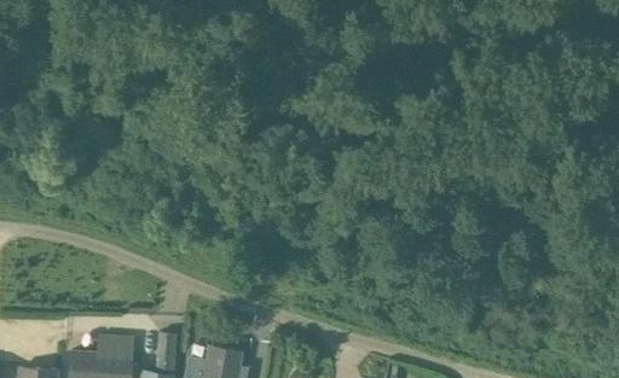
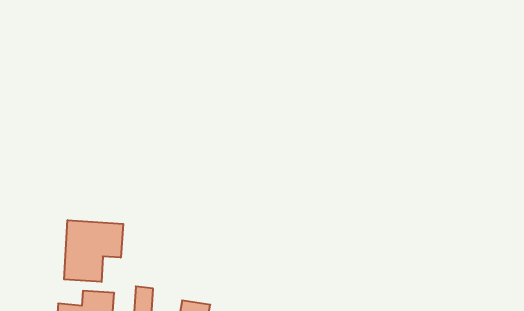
building: none -> [64,220,123,282]

